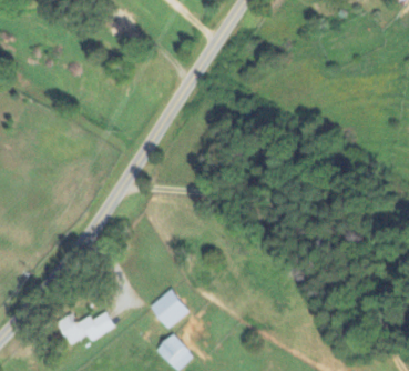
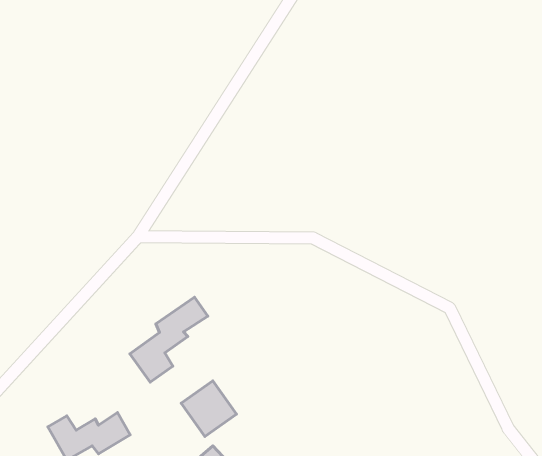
building: none -> [130,297,208,382]

